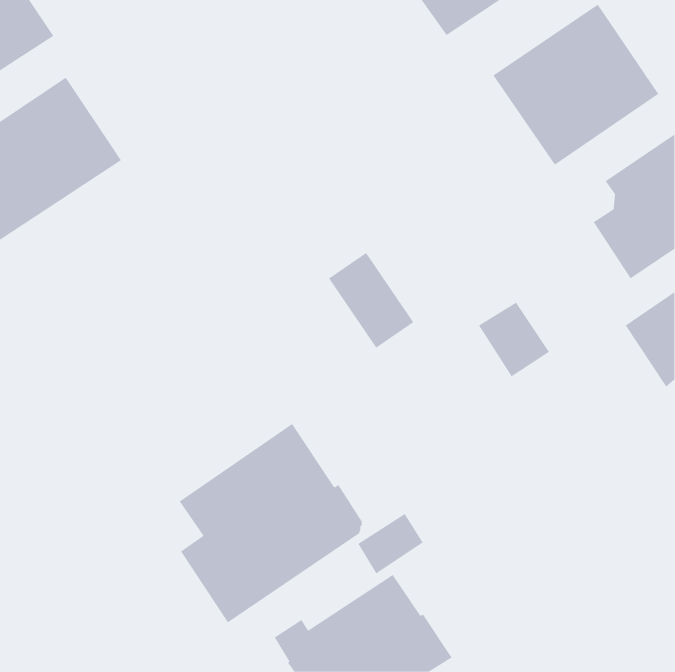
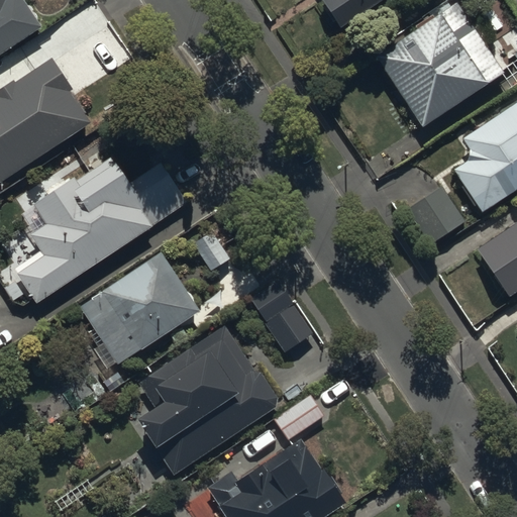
building: none -> [13,153,186,304]
building: [328,252,414,349] -> [247,279,313,352]
building: [478,302,550,377] -> [412,186,467,243]
building: none -> [80,252,199,364]

